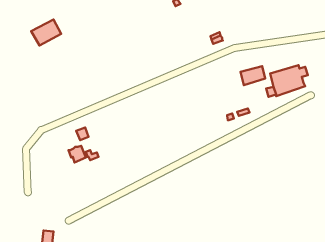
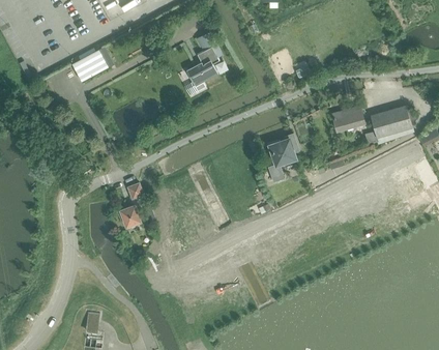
building: none -> [186,47,218,91]
building: none -> [268,134,299,181]

